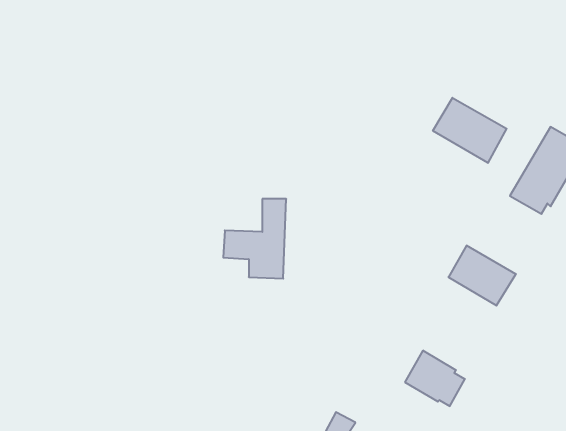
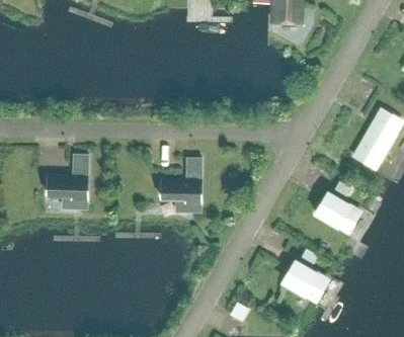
building: [433,98,507,163] -> none
building: none -> [46,155,87,208]

